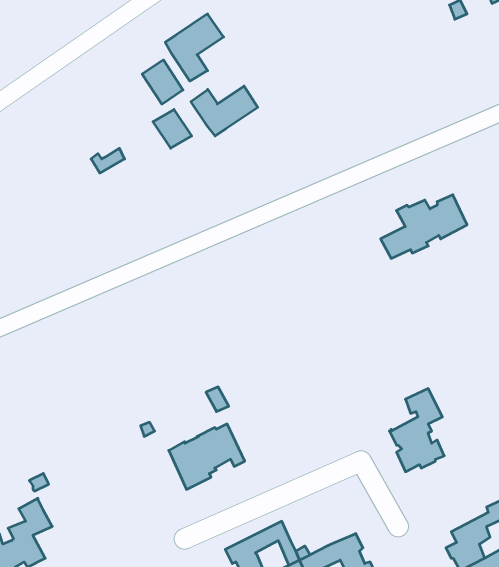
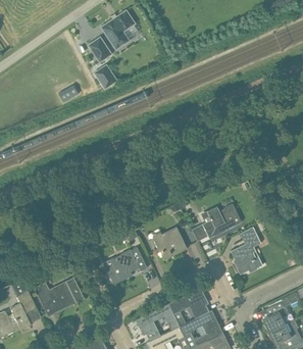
building: [191,86,258,136] -> none
building: [381,195,467,258] -> [191,204,241,241]
building: none -> [152,227,187,260]
building: none -> [33,277,85,317]
building: none -> [168,288,209,316]

